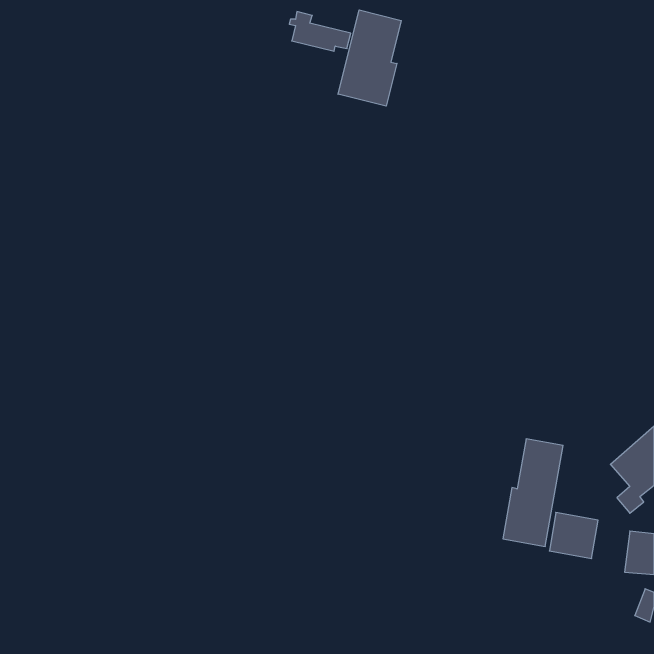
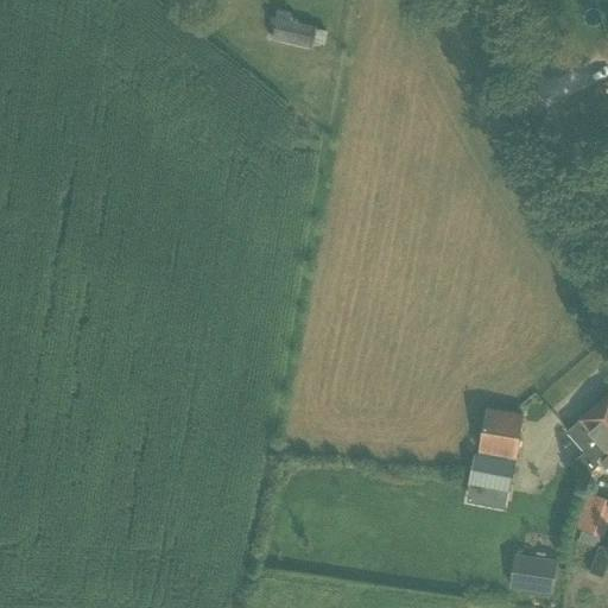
building: [338,10,401,106] -> none
building: [549,512,598,559] -> [512,553,557,596]

